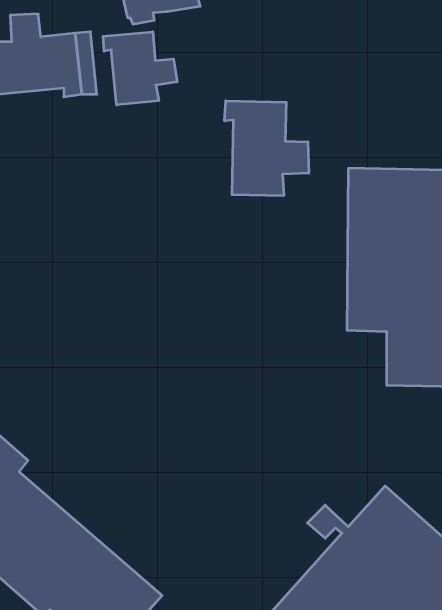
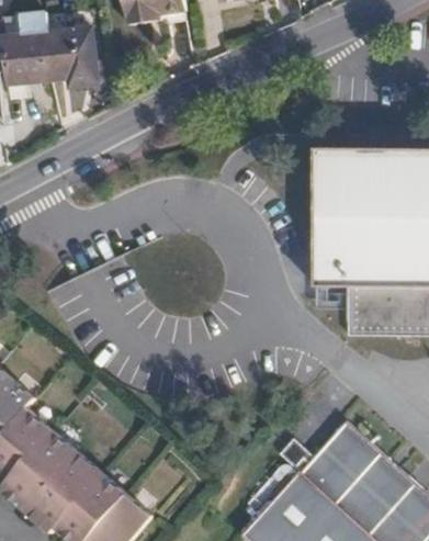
building: [103,32,177,105] -> none
building: [225,101,309,196] -> none

